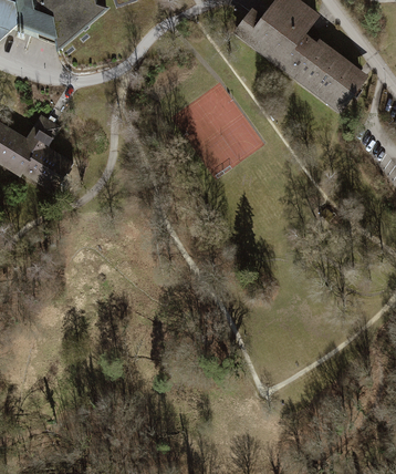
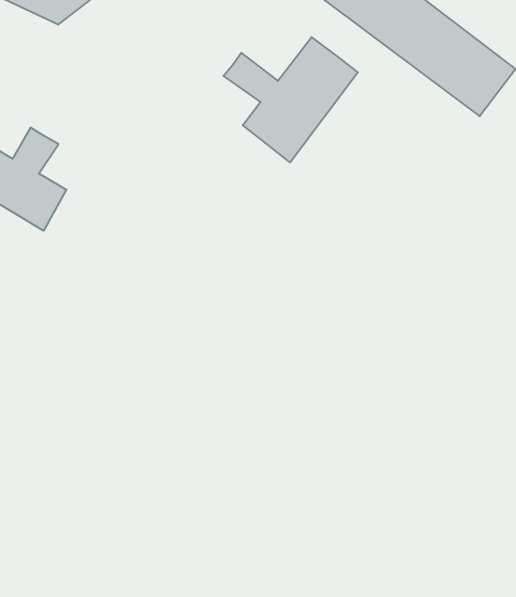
building: none -> [223,37,358,162]

